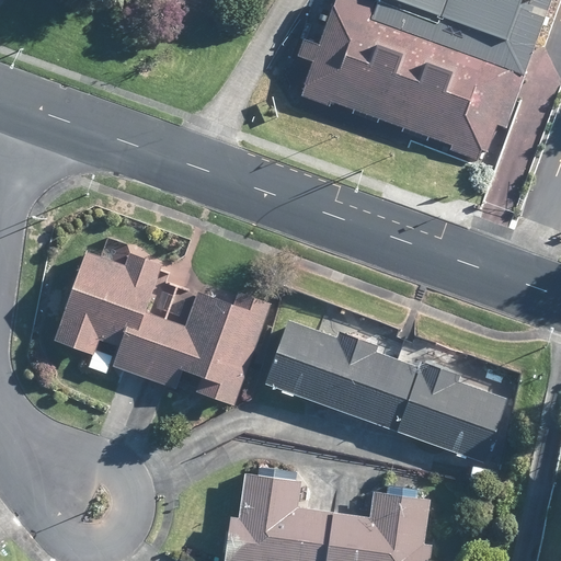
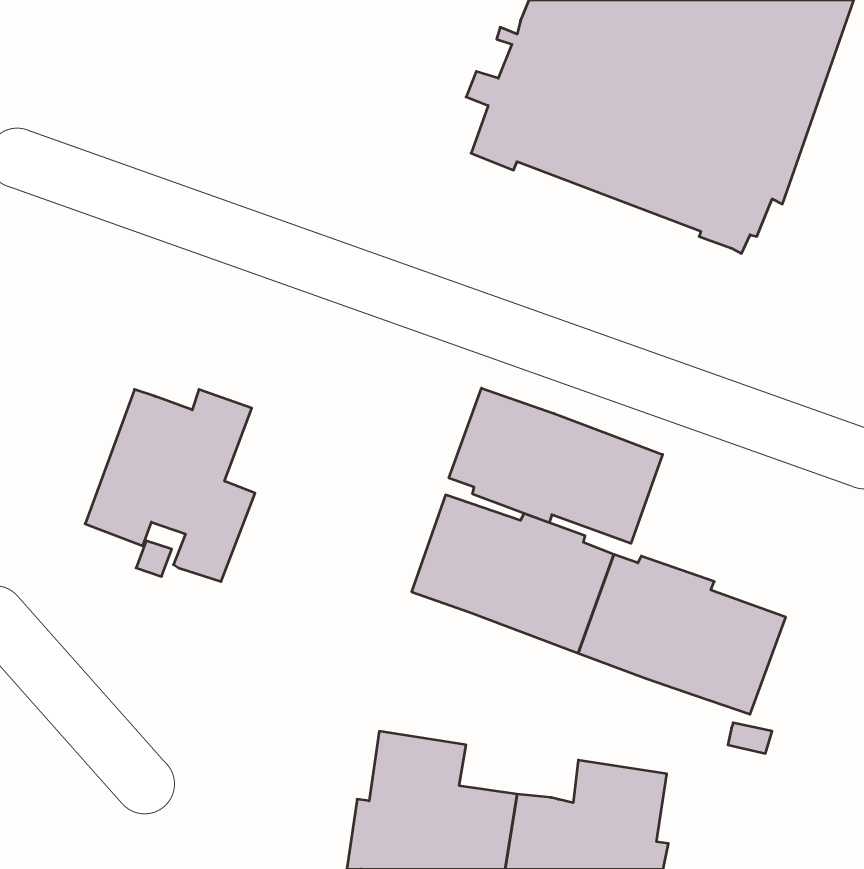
building: none -> [449,388,663,543]
building: [142,290,268,402] -> none

